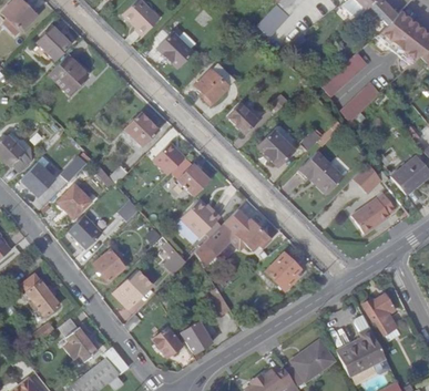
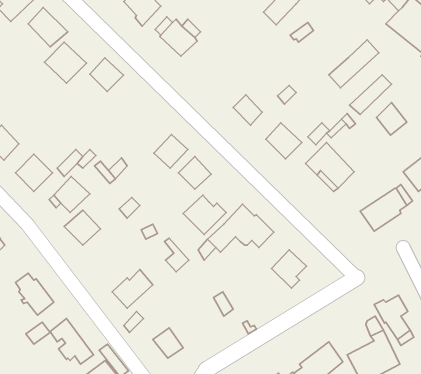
building: [197,63,236,105] -> none
building: [126,112,159,144] -> [90,58,124,92]
building: [355,163,384,194] -> [376,102,407,135]
building: [93,248,123,278] -> none
building: [182,315,219,352] -> none

